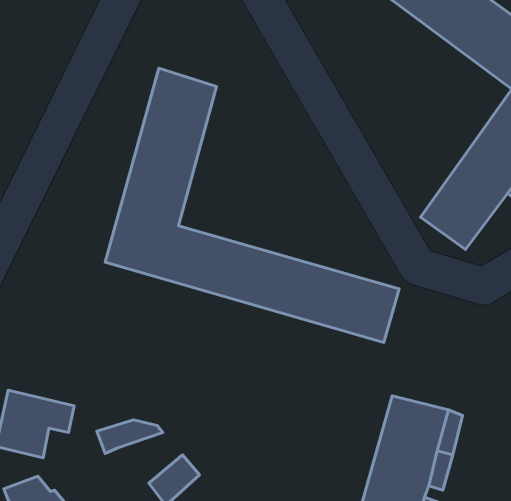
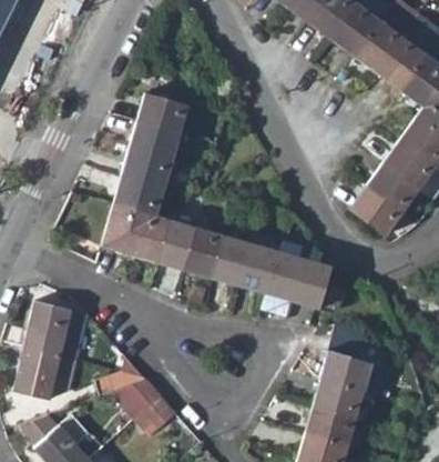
building: none -> [24,301,85,358]
building: none -> [111,379,162,419]

